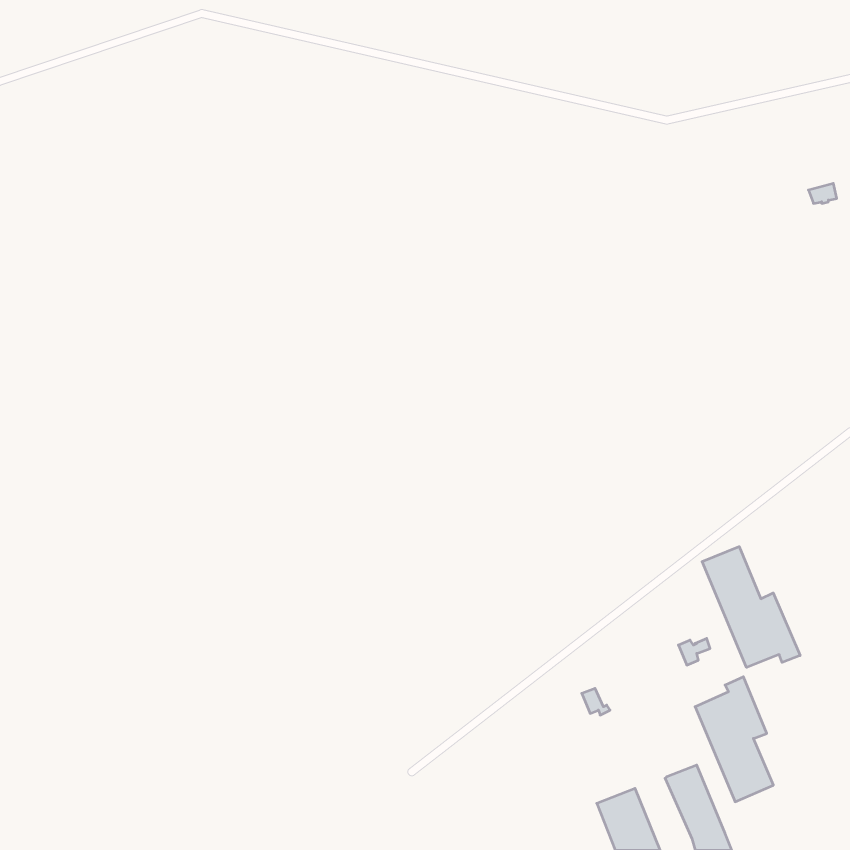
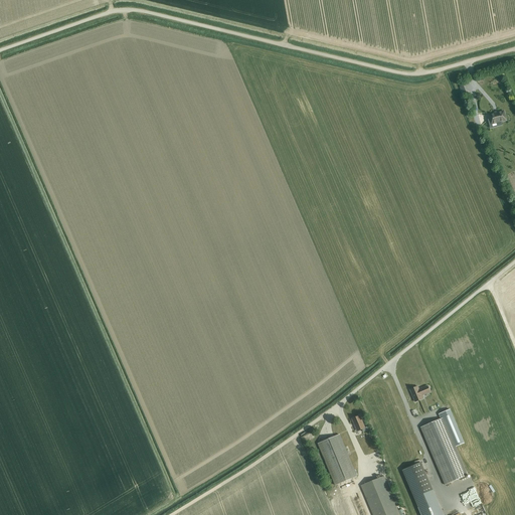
building: [702,547,800,667] -> none
building: none -> [317,434,356,484]

